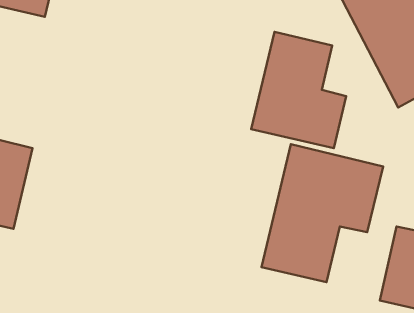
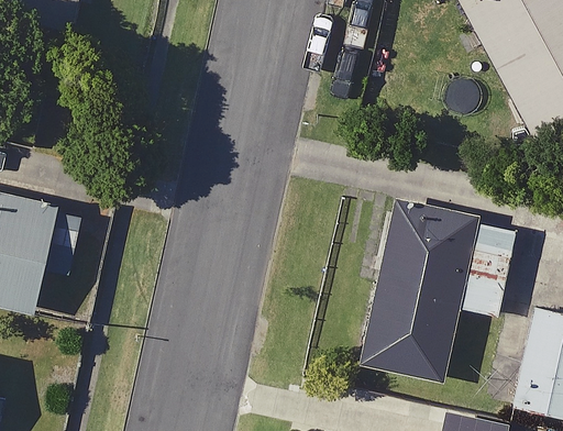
building: [251,32,346,148] -> none

